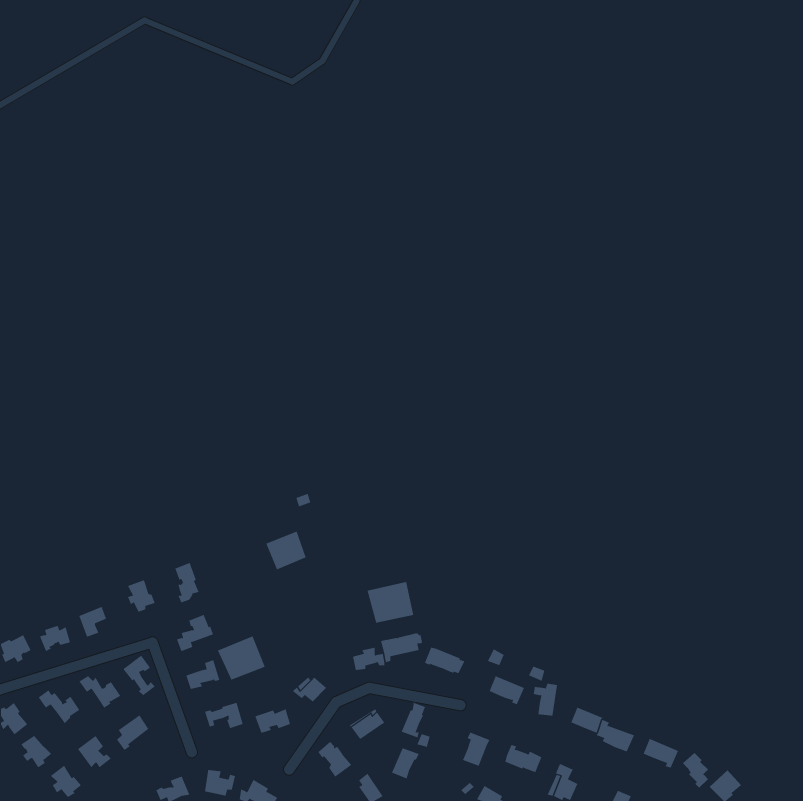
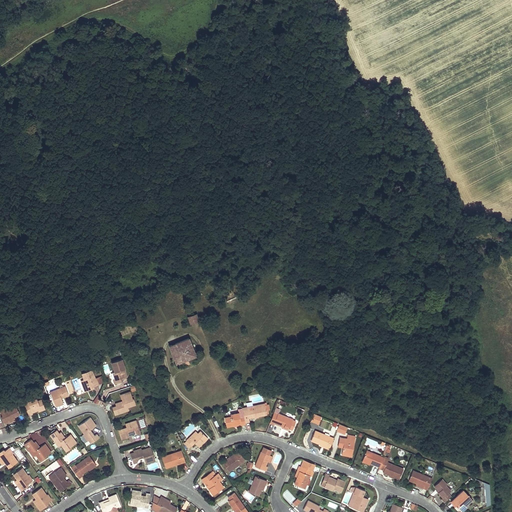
building: [367,581,414,624] -> none
building: [217,636,265,680] -> none

